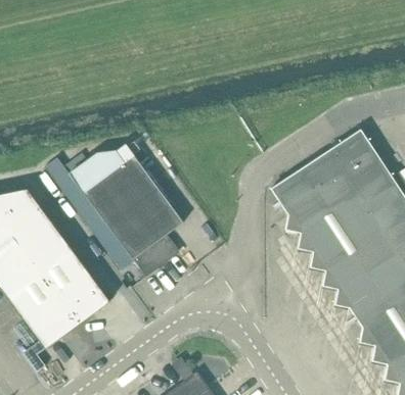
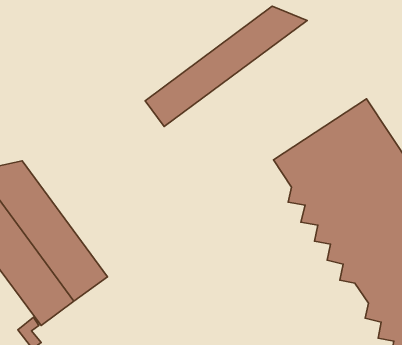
building: none -> [145,6,307,126]
building: [44,151,183,276] -> none

